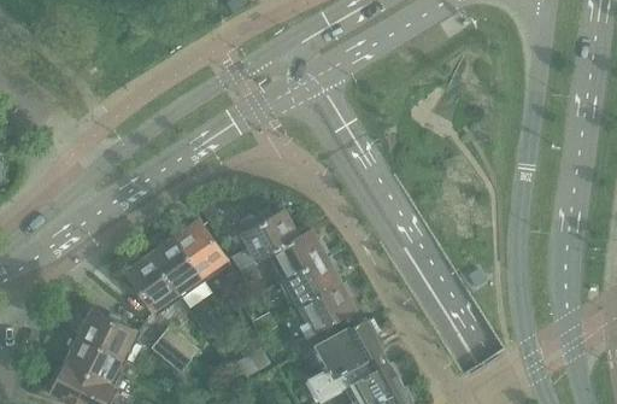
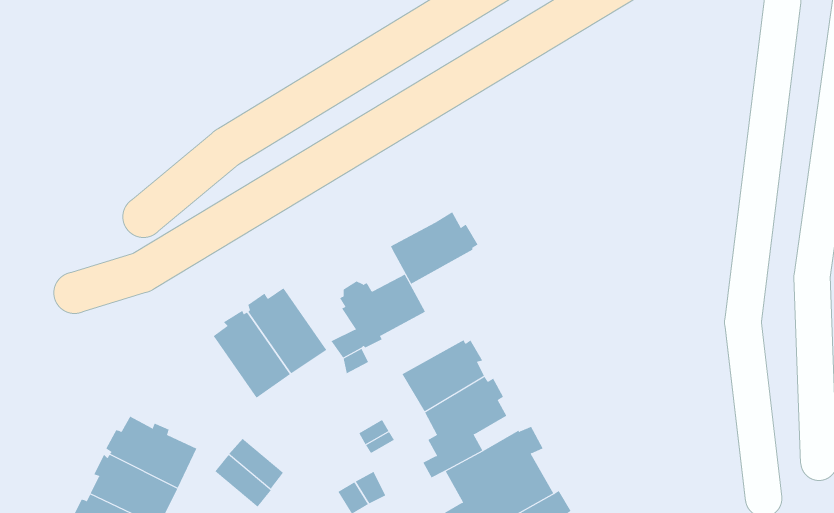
building: [266,230,328,281] -> [390,212,478,284]
building: [124,253,180,316] -> none

